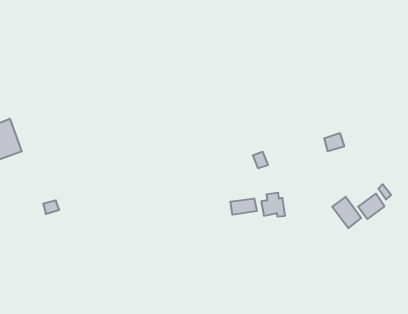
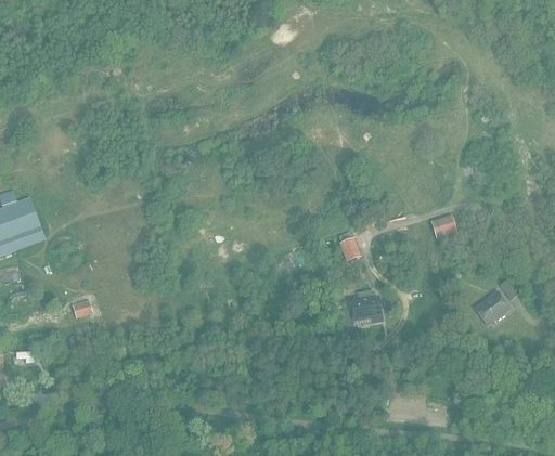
building: [332,197,361,228] -> none
building: [230,198,257,215] -> none

